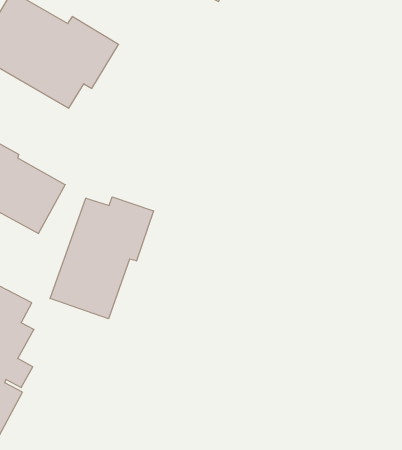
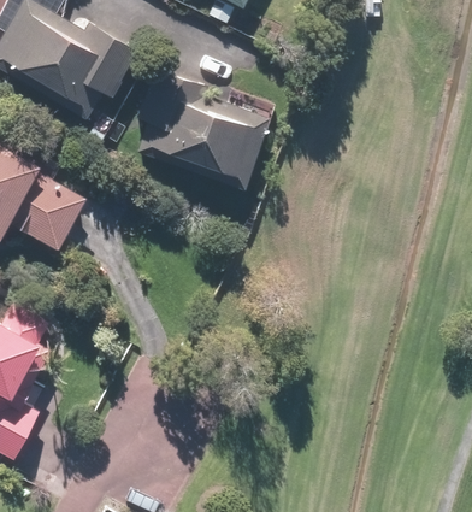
building: none -> [137,69,278,189]
building: [50,197,154,319] -> none

